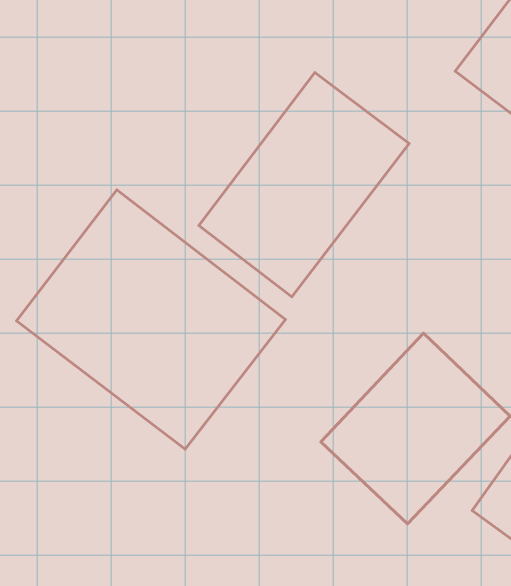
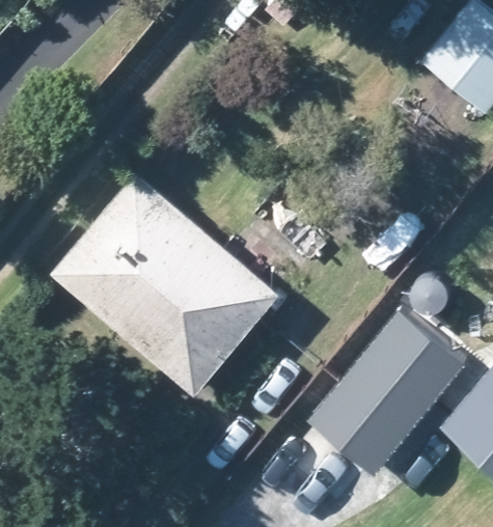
building: [199,72,409,297] -> none

